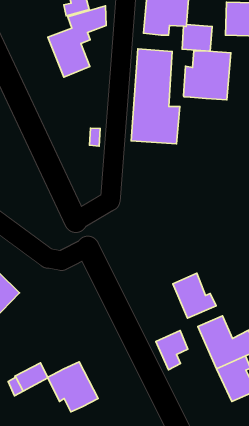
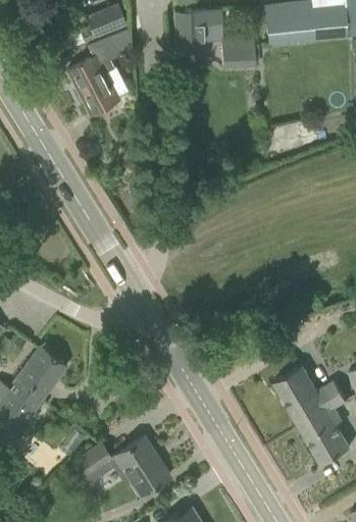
building: [131,49,180,144] -> none
building: [184,51,231,100] -> none
building: [173,273,216,318] -> none
building: [156,331,188,370] -> none

